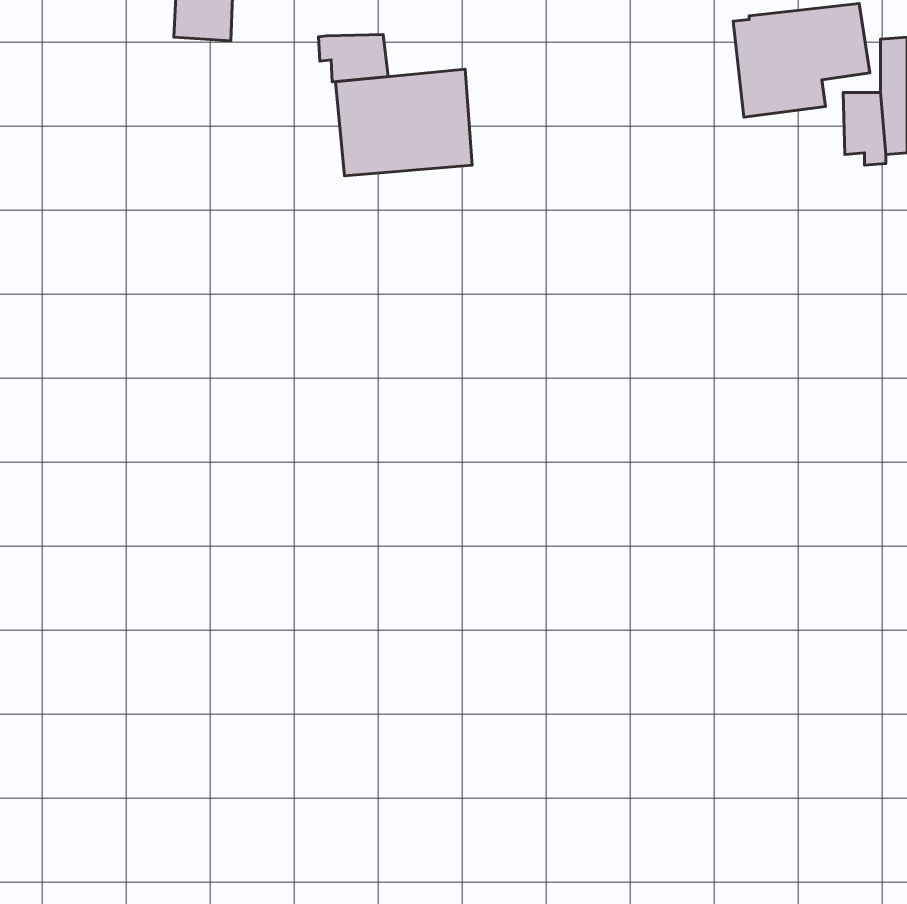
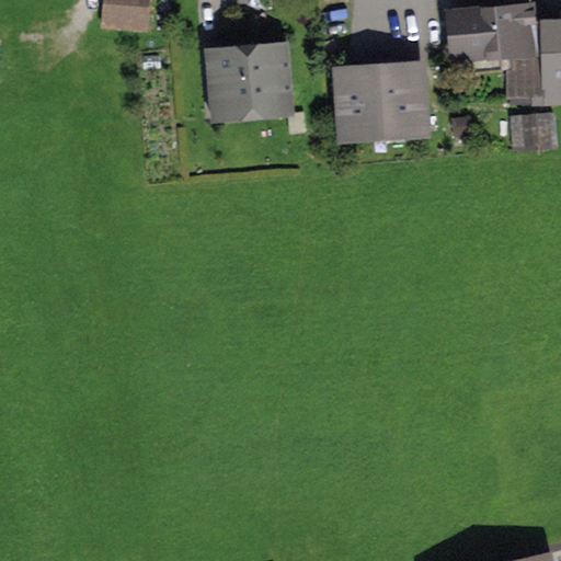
building: [319,35,388,82] -> none
building: none -> [344,70,420,130]
building: none -> [513,113,549,142]

